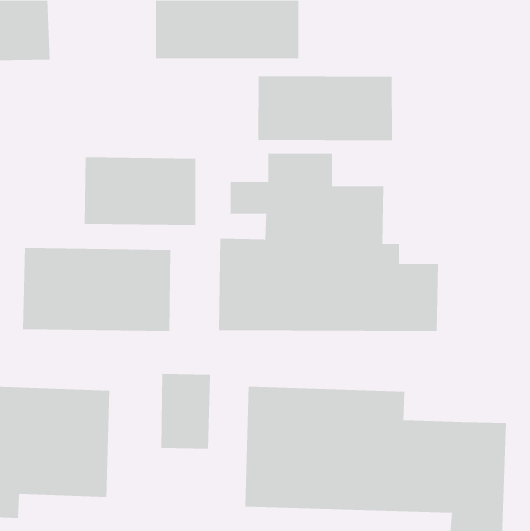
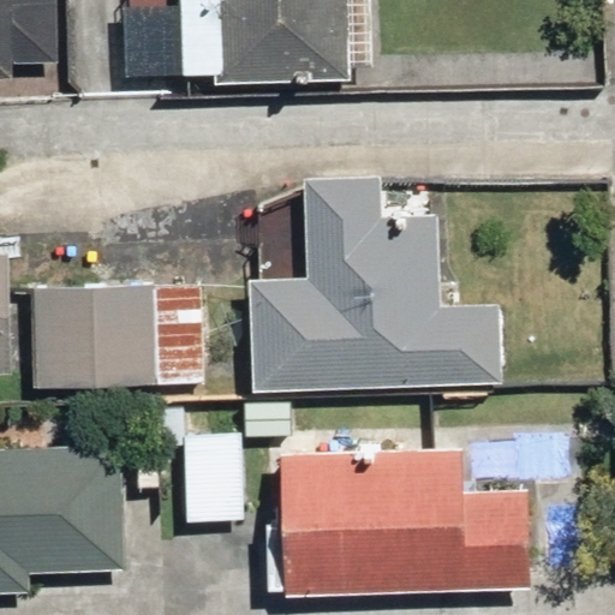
building: [258,76,393,141] -> none
building: [84,157,196,226] -> none

